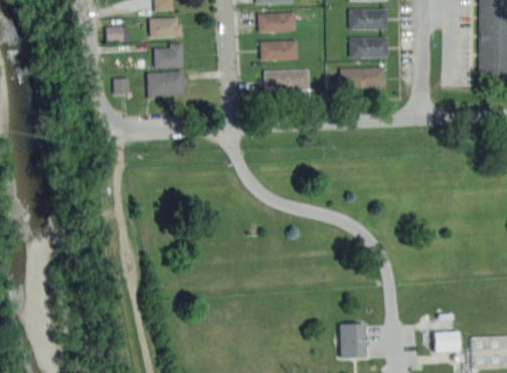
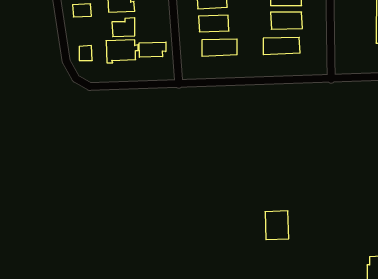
building: none -> [139,42,166,57]
building: [340,322,369,357] -> [265,211,289,240]
building: [435,331,460,351] -> none

